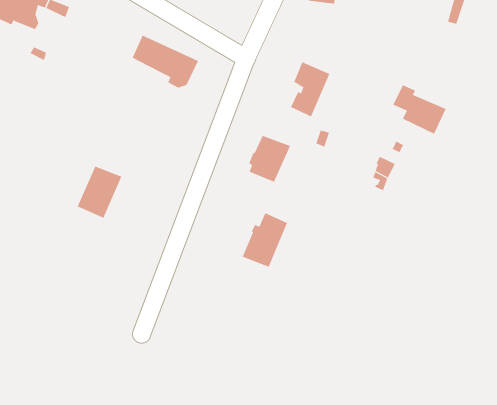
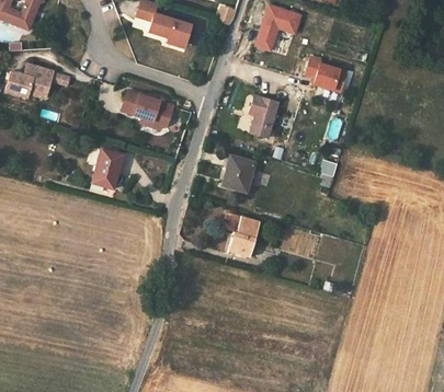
building: [393,85,446,135] -> [305,57,346,92]
building: [77,166,122,219] -> [92,149,124,188]

